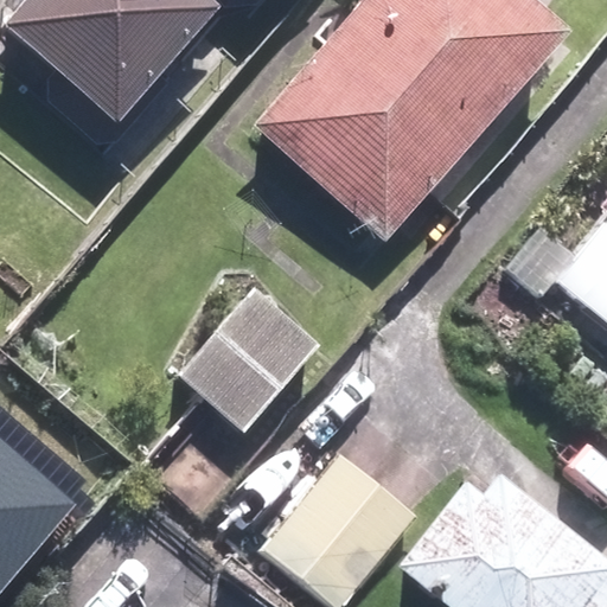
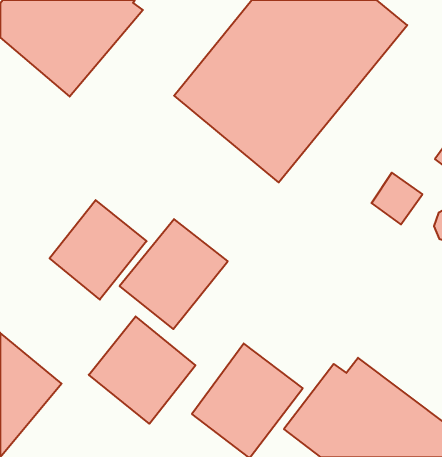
building: none -> [50,200,147,300]
building: none -> [89,316,195,424]

